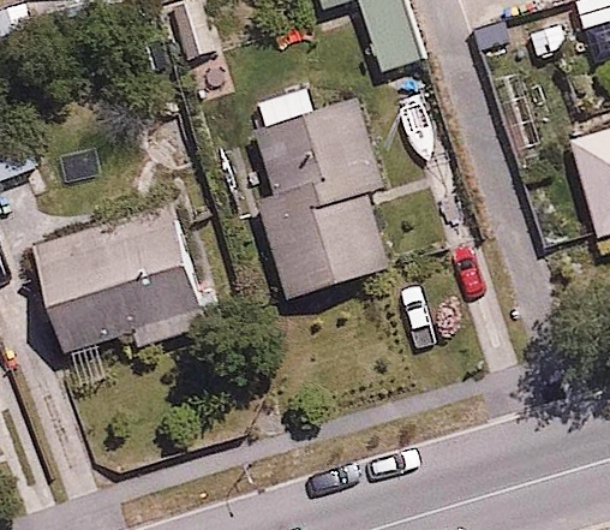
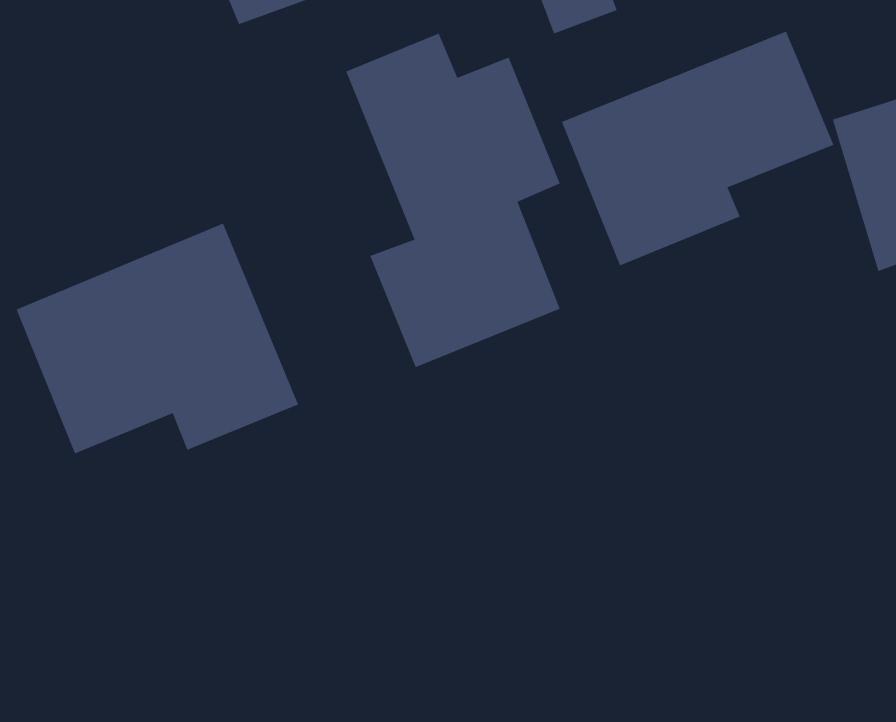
building: none -> [561,31,834,266]

